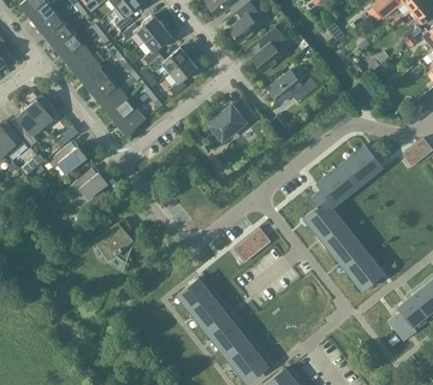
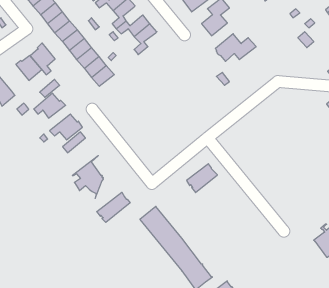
building: [208,102,256,137] -> none
building: [12,107,42,146] -> [30,43,55,75]
building: [304,144,382,291] -> none
building: none -> [97,192,130,222]

